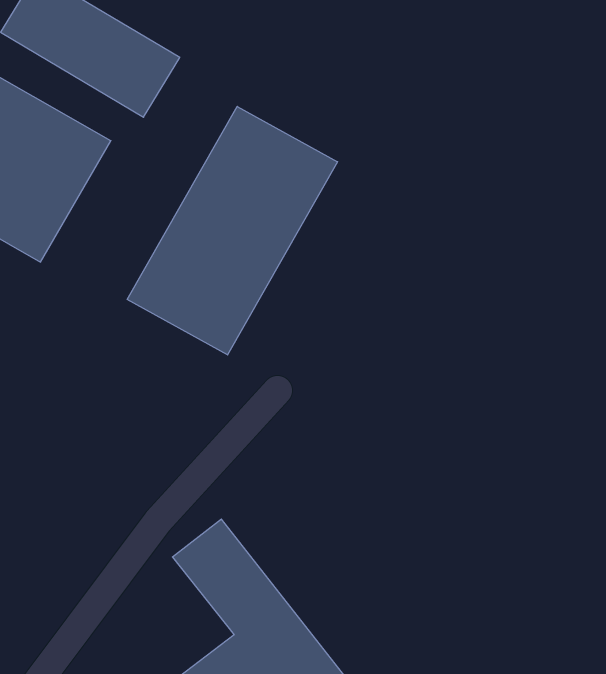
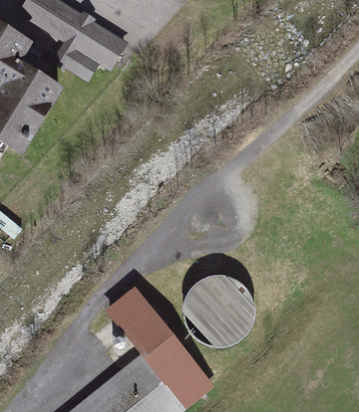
building: [127,106,338,355] -> none
building: none -> [178,279,249,351]

